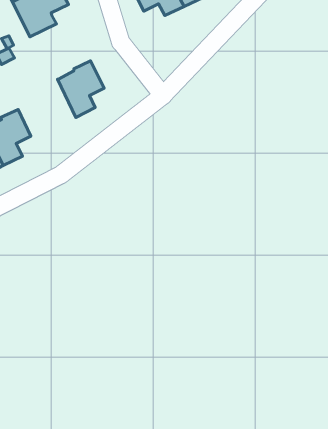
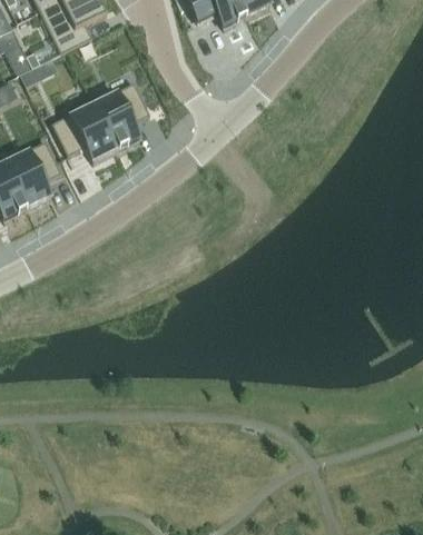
building: none -> [50,92,115,160]

